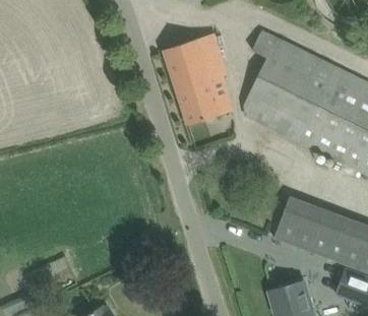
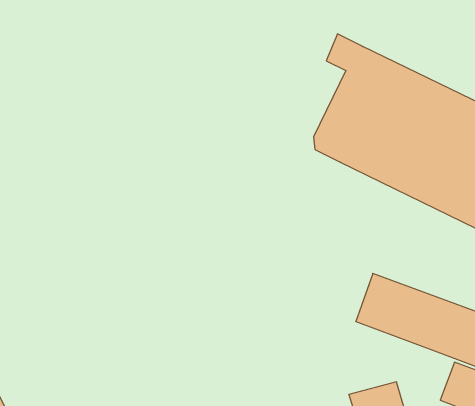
building: [163,33,233,124] -> none

